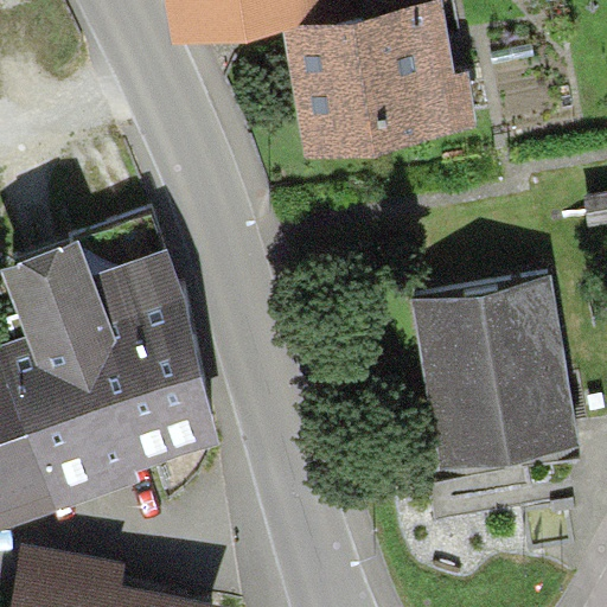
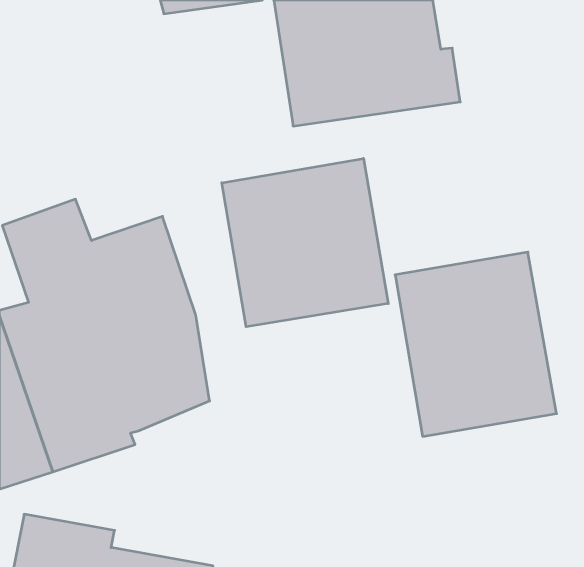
building: none -> [222,158,388,327]

